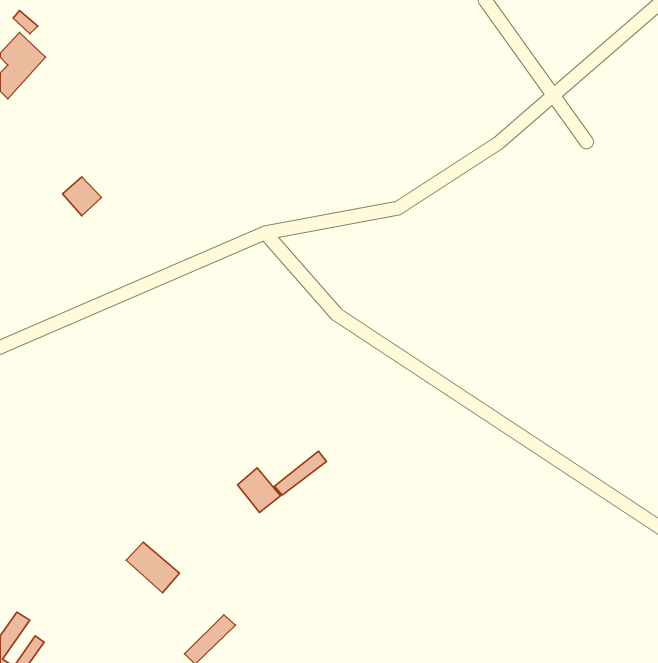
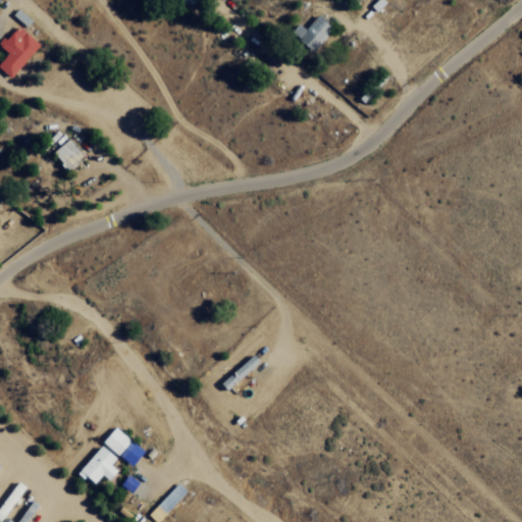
building: none -> [293,15,335,52]
building: [238,468,281,513] -> none
building: none -> [81,445,119,485]

